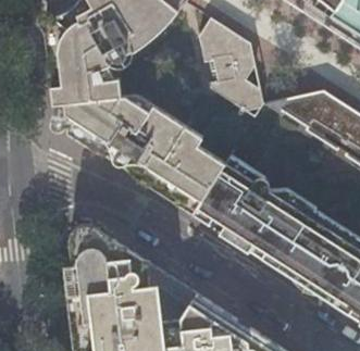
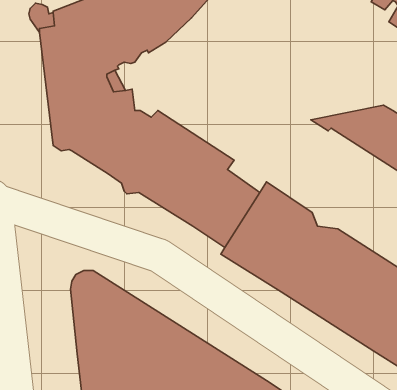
building: [200,20,265,117] -> none

